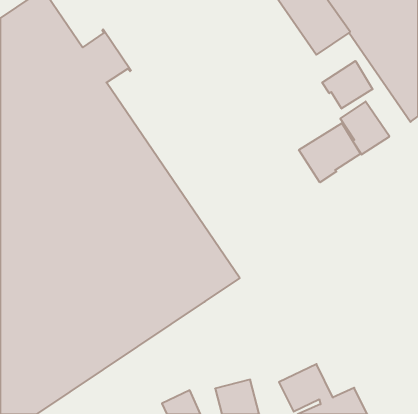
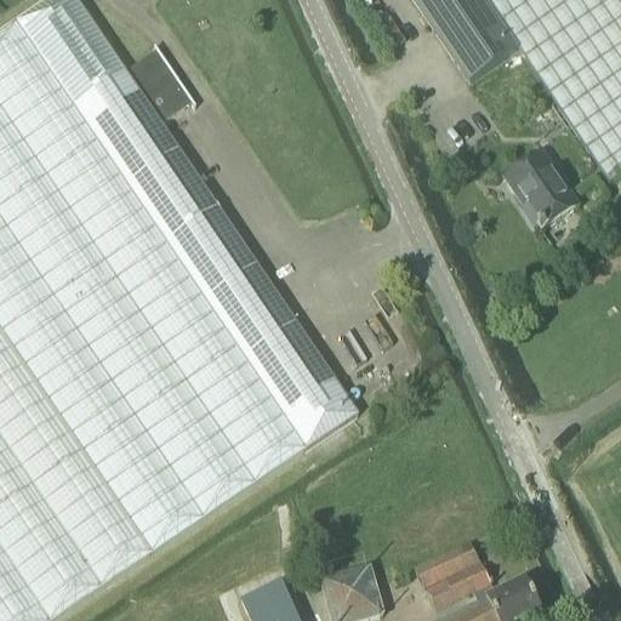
building: [322,61,373,109] -> none
building: [299,123,361,182] -> none

